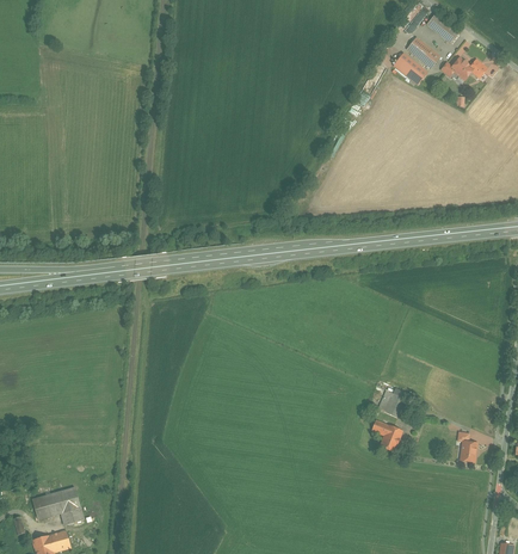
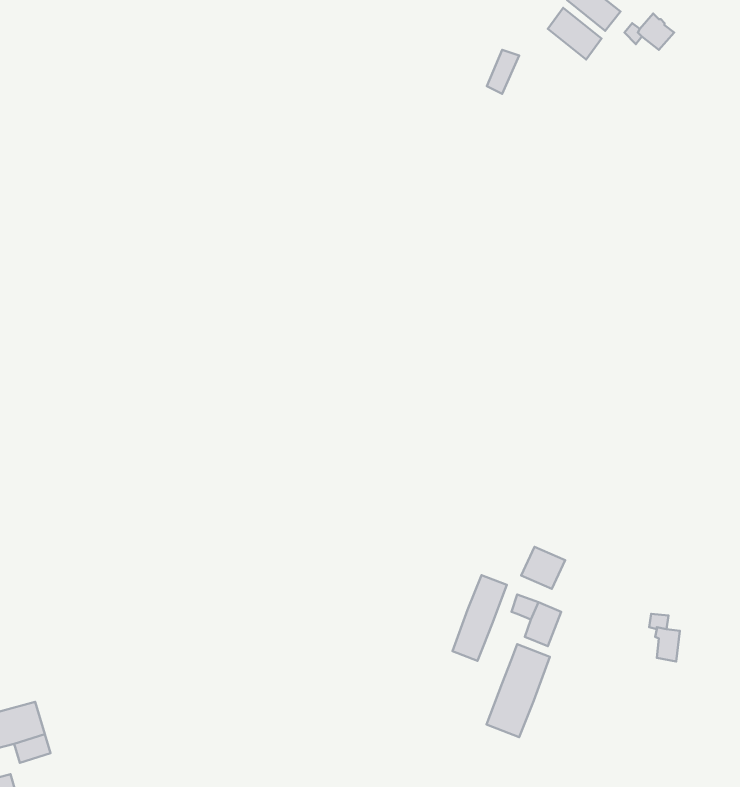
building: none -> [452,575,507,661]
building: none -> [487,644,550,737]

